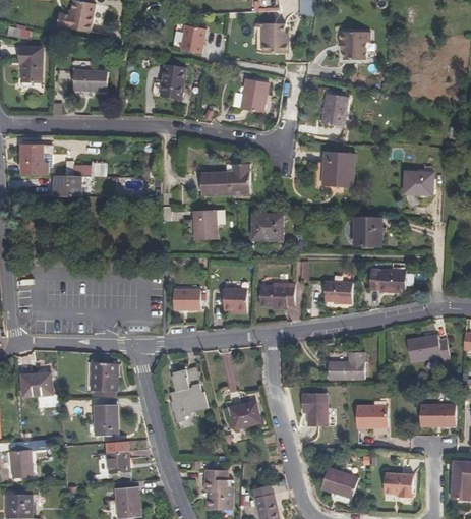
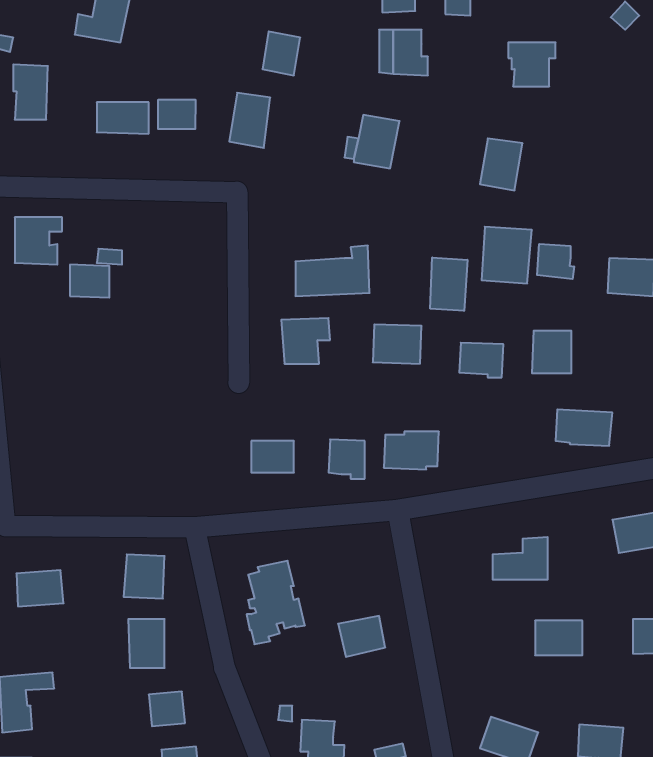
building: none -> [158,100,195,129]
building: none -> [537,244,574,279]
building: none -> [430,257,467,311]
building: [323,281,352,303] -> [459,343,503,377]
building: [302,393,328,426] -> none

